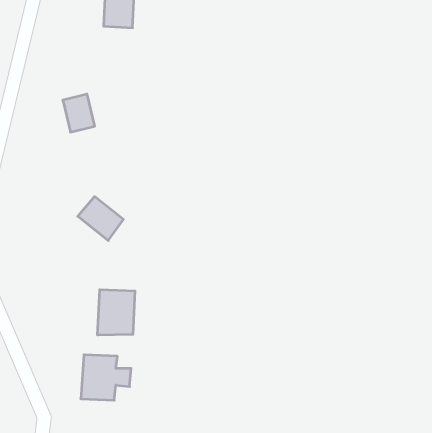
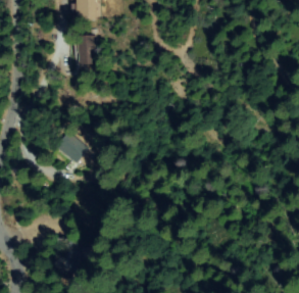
building: [63,94,95,132] -> [77,40,98,65]
building: [98,290,135,335] -> none

